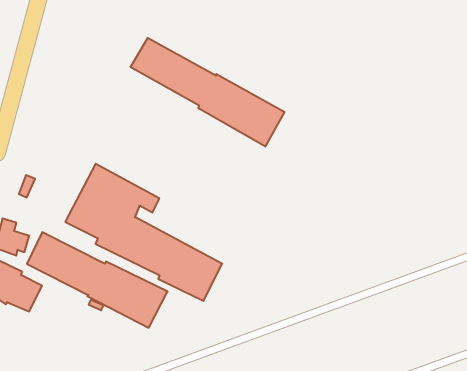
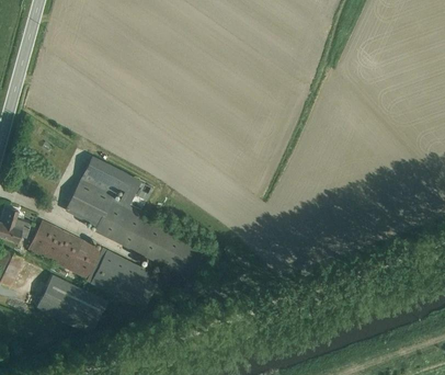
building: [131,38,284,147] -> none
building: none -> [34,273,105,333]

